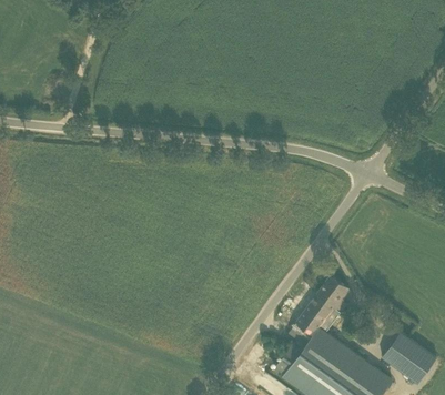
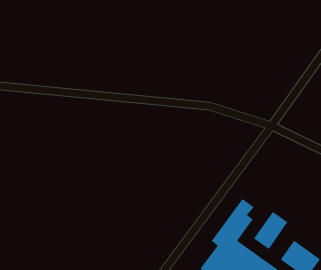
building: none -> [253,211,288,250]

